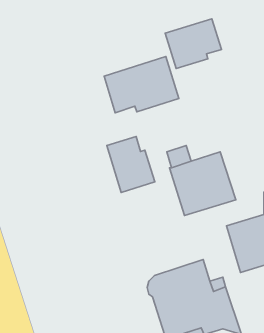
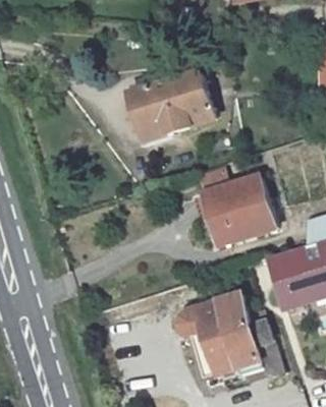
building: [165,19,222,69] -> none
building: [107,136,155,193] -> none

